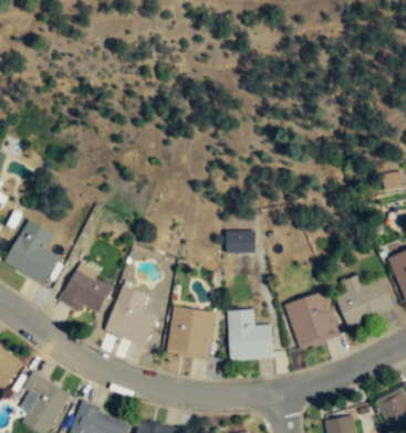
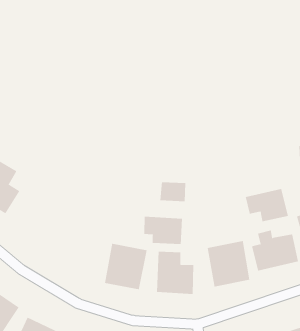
building: none -> [245,188,289,222]
building: [60,262,112,317] -> none
building: none -> [144,216,182,245]
building: [105,284,163,346] -> none

